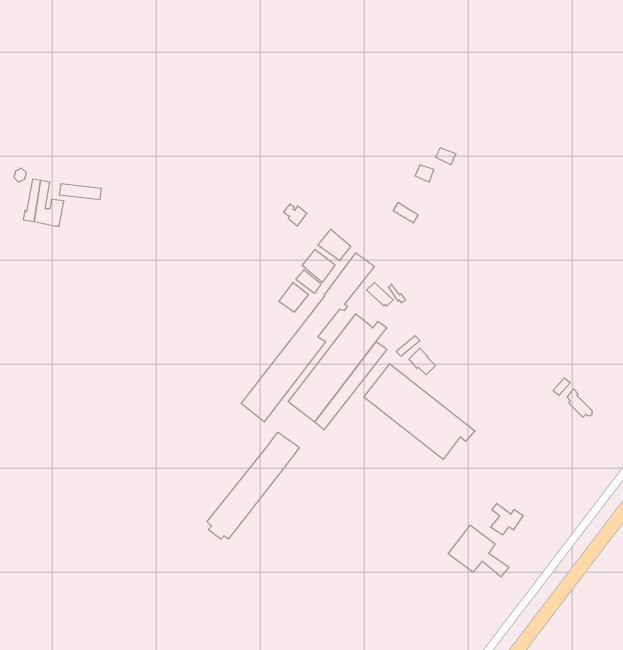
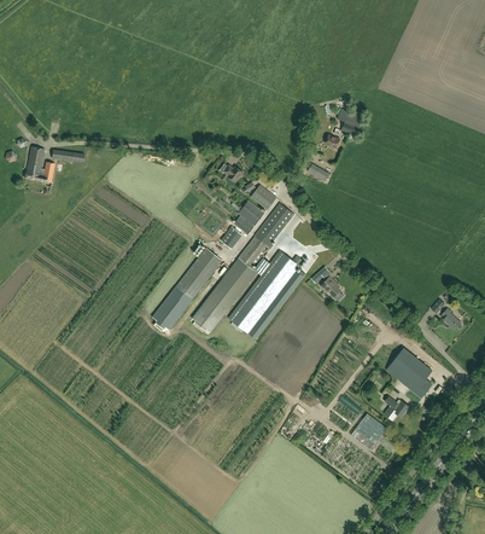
building: [364,364,475,459] -> none
building: [207,432,299,539] -> [151,246,222,329]
building: none -> [385,347,431,396]

